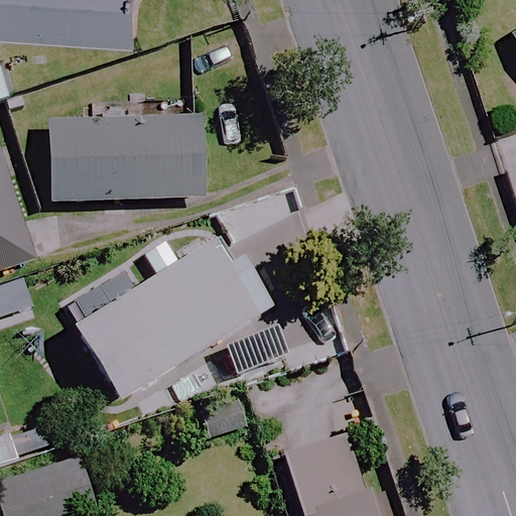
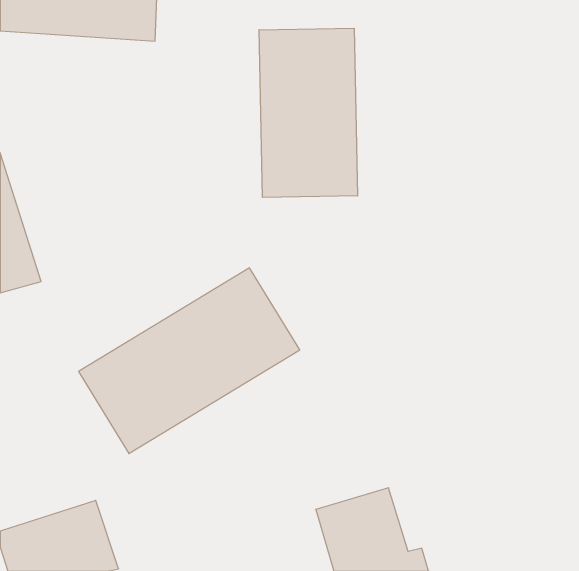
building: none -> [259,28,357,197]
building: [49,116,204,200] -> none

